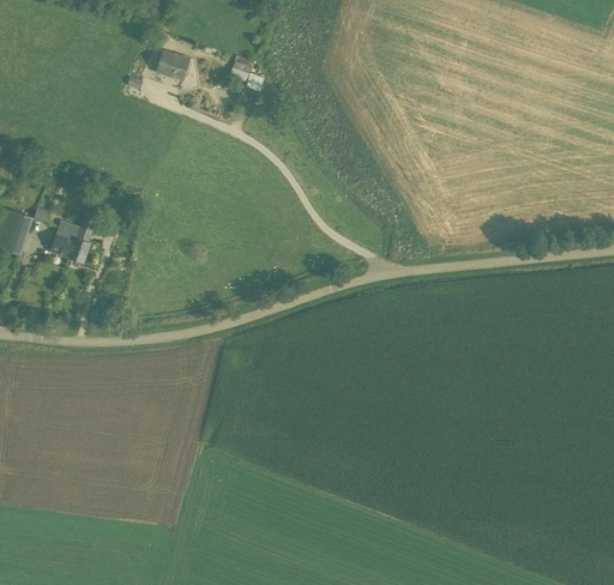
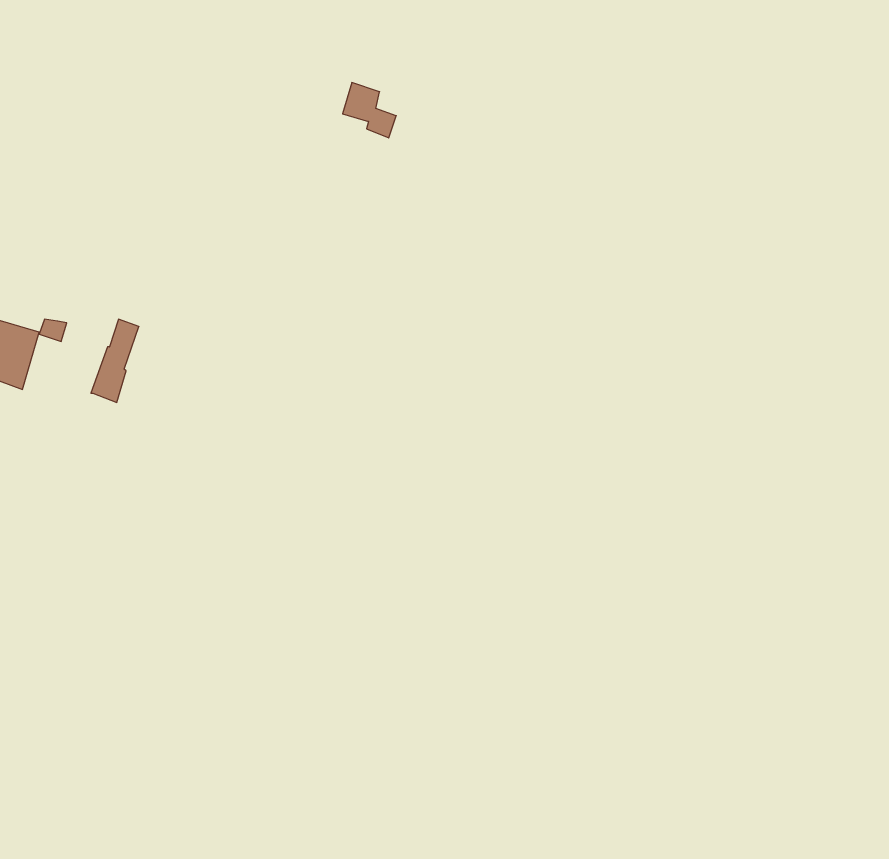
building: [156,50,188,79] -> none
building: [50,221,77,257] -> none

